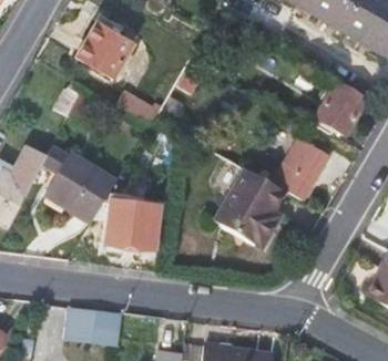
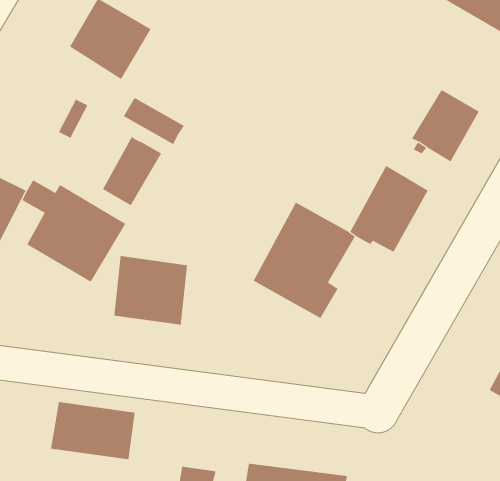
building: none -> [102,136,162,206]

